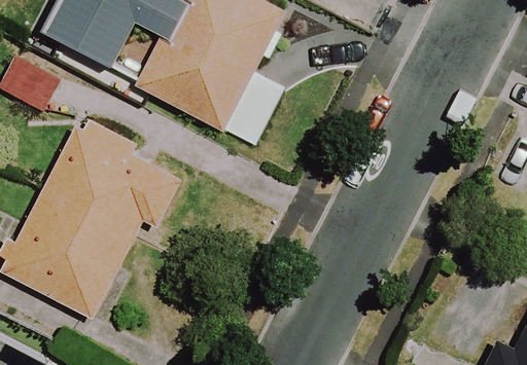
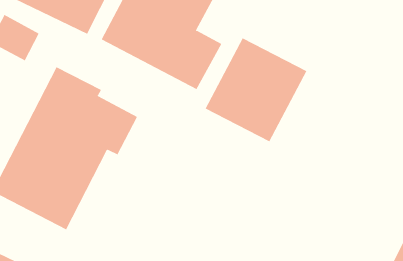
building: none -> [205,38,307,142]

